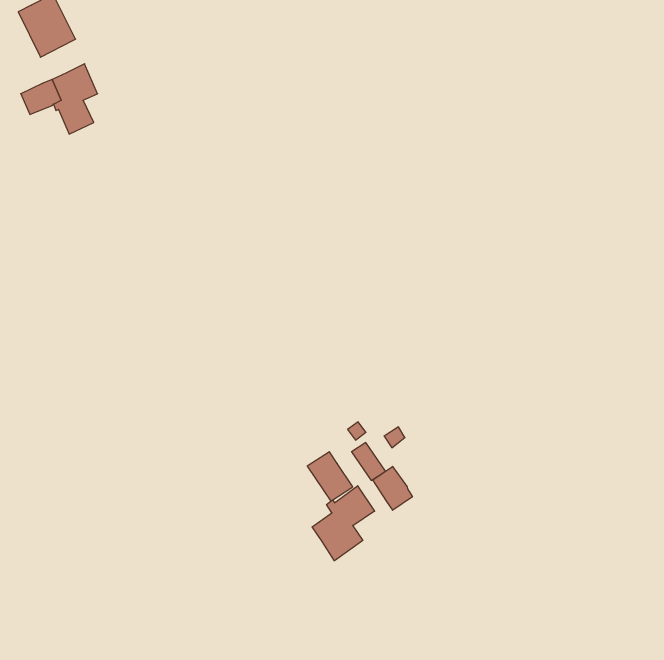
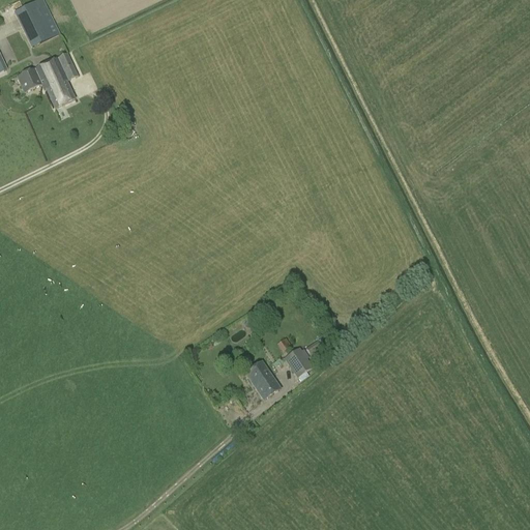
building: [373,466,412,510] -> none
building: [312,486,375,561] -> none

